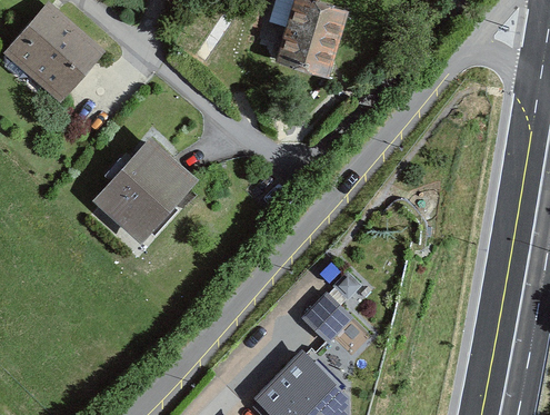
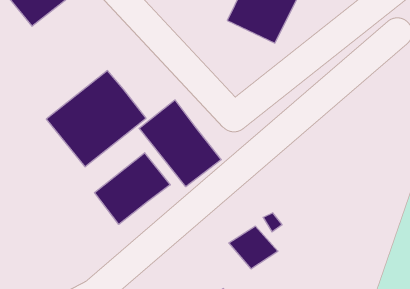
building: none -> [139,100,221,187]
building: none -> [95,153,170,224]

